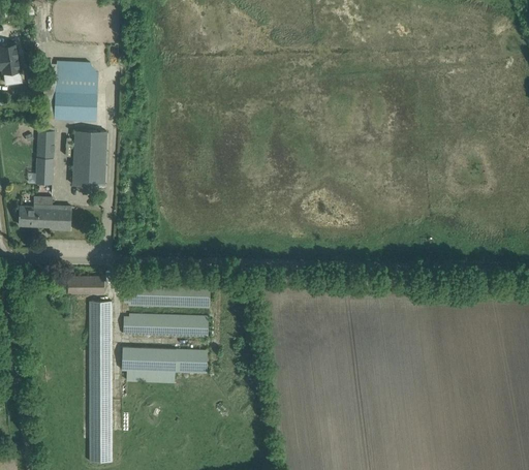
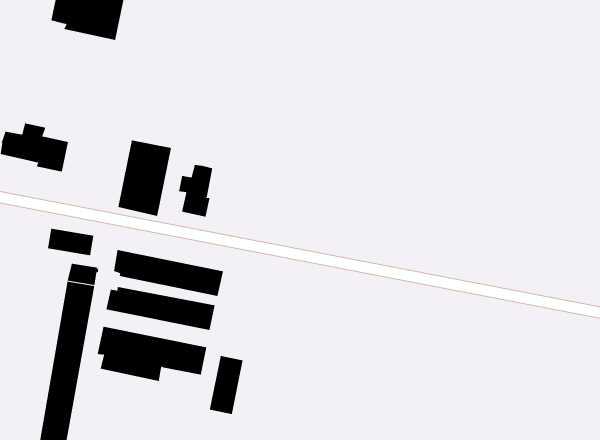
building: [72,130,107,187] -> [117,140,172,217]
building: [36,131,55,185] -> none
building: none -> [178,164,213,218]
building: none -> [209,355,243,415]

